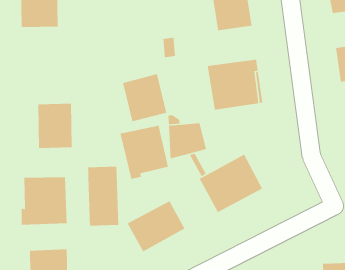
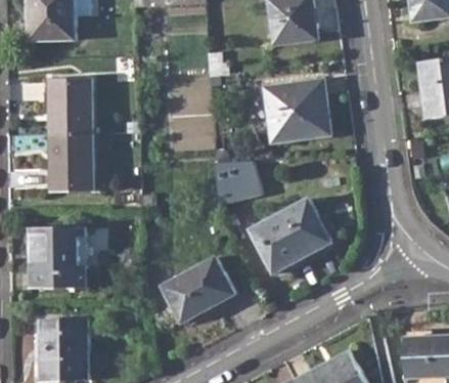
building: none -> [47,78,92,135]
building: [122,73,167,122] -> none
building: [120,125,169,180] -> none
building: [87,166,119,227] -> none

